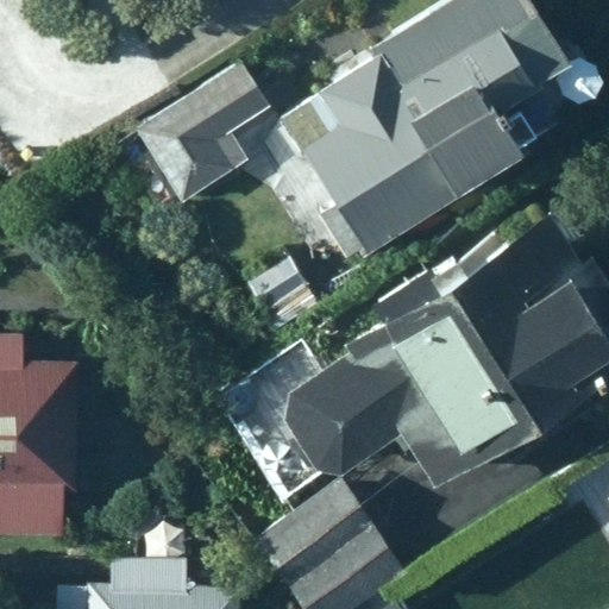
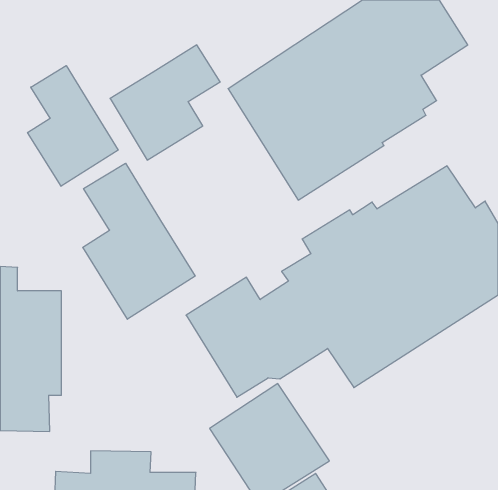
building: none -> [28,66,118,186]
building: none -> [83,163,195,319]

